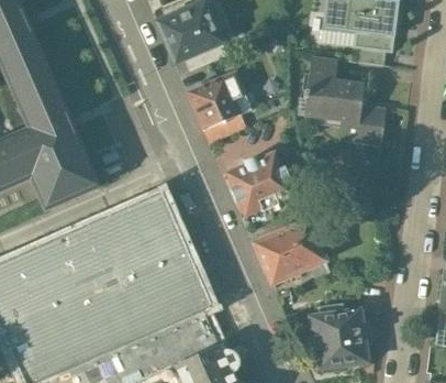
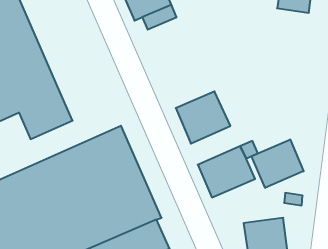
building: [305,57,387,144] -> none
building: [190,70,244,129] -> none
building: none -> [252,139,304,188]

